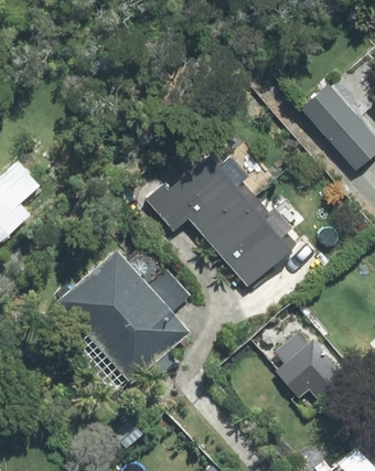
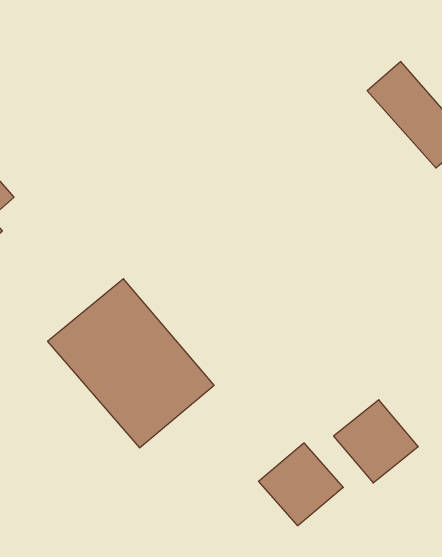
building: [159,159,288,280] -> none
building: none -> [259,443,343,526]

